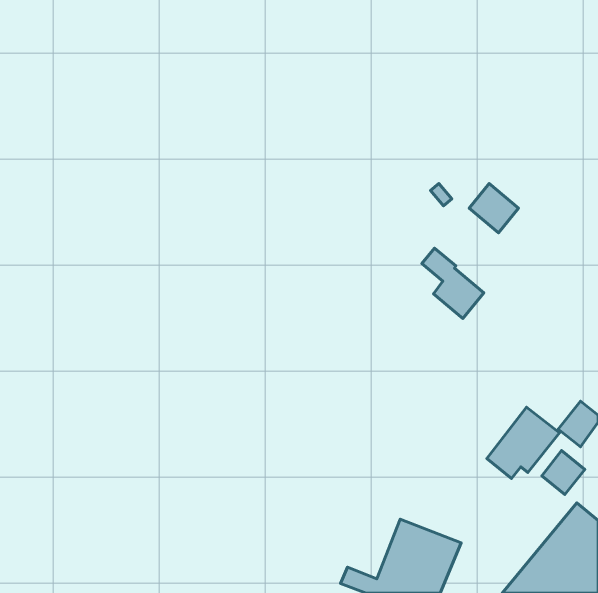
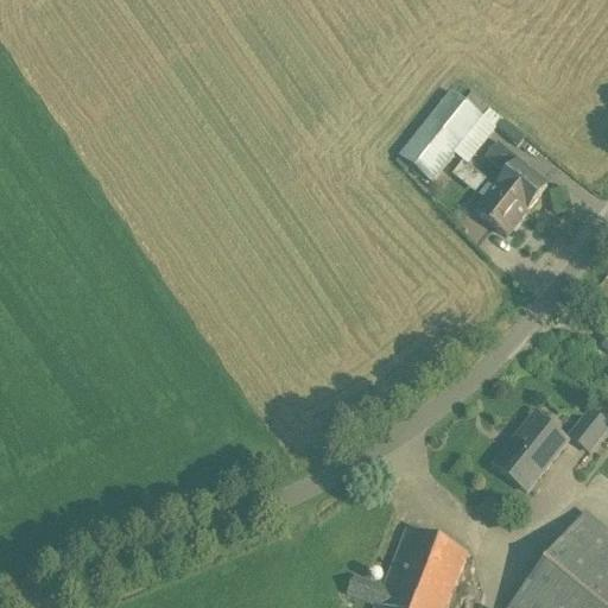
building: none -> [399,90,482,180]
building: [422,248,484,318] -> [484,140,547,211]
building: [542,451,585,495] -> none

